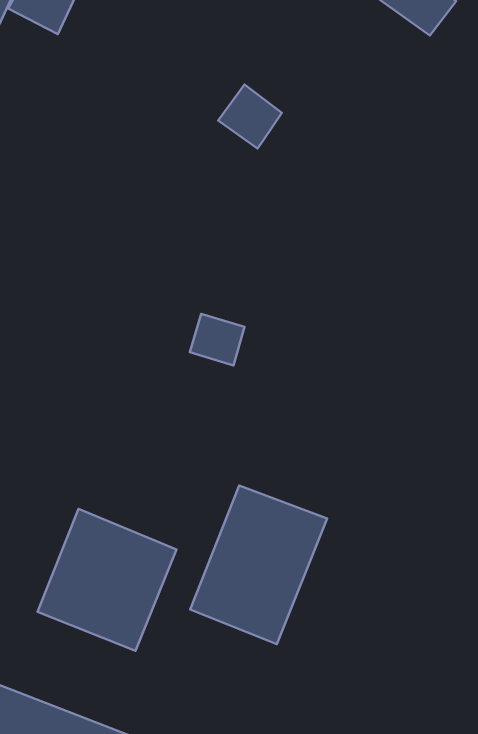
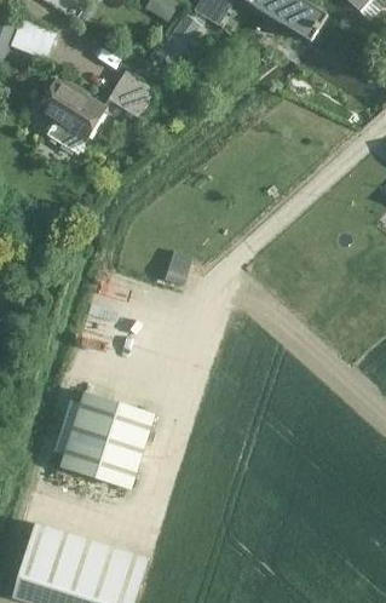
building: none -> [36,80,104,142]
building: [218,85,282,149] -> [108,73,152,117]
building: [190,485,327,644] -> none

